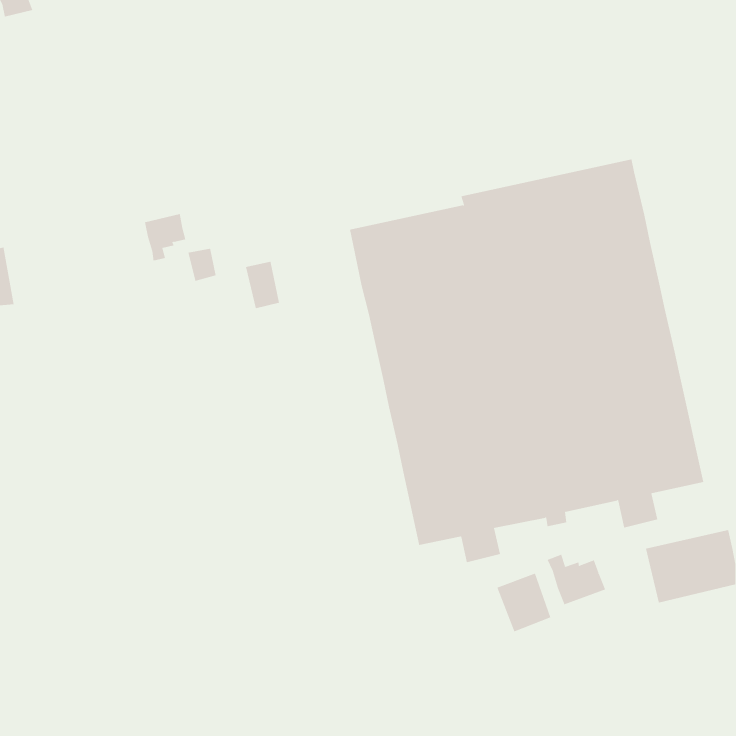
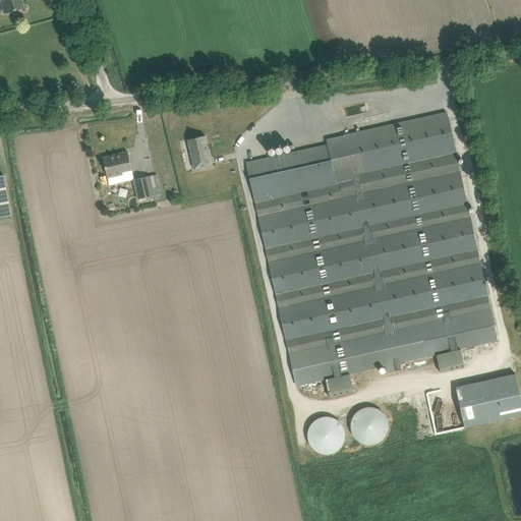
building: [245,261,280,309] -> [186,134,211,168]
building: [547,554,606,605] -> none
building: none -> [311,417,340,451]

